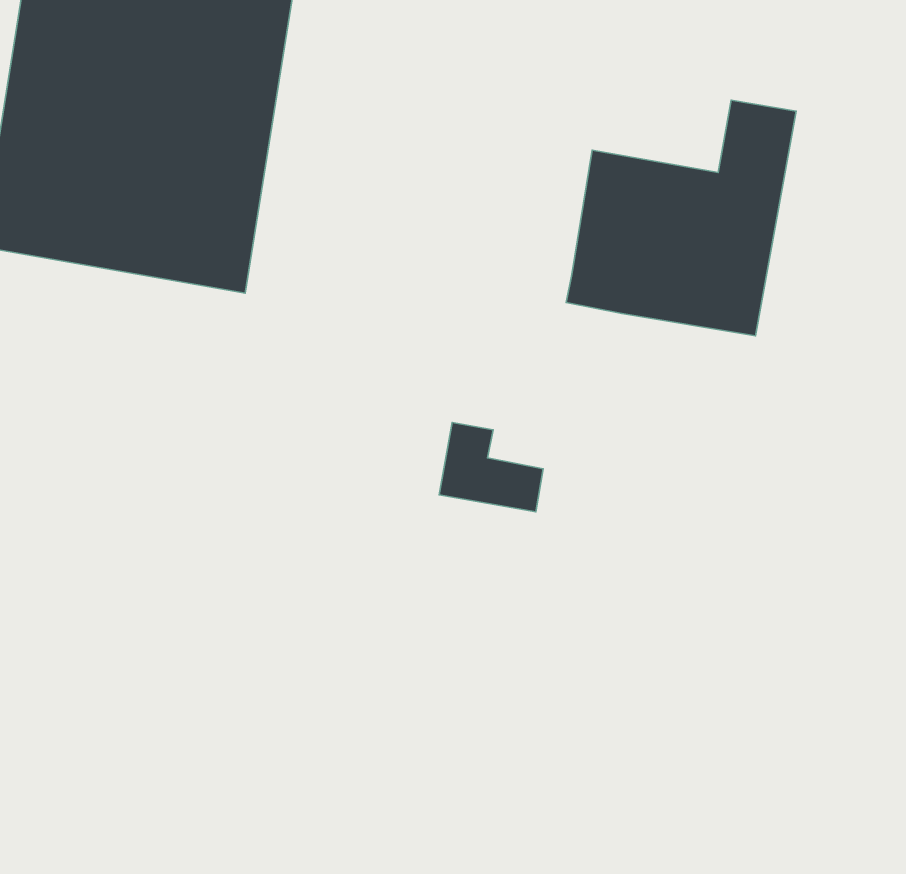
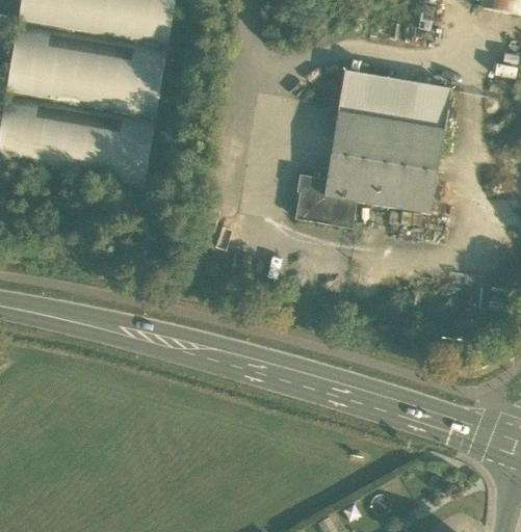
building: none -> [337,66,415,121]
building: [439,423,543,512] -> [295,174,354,223]

